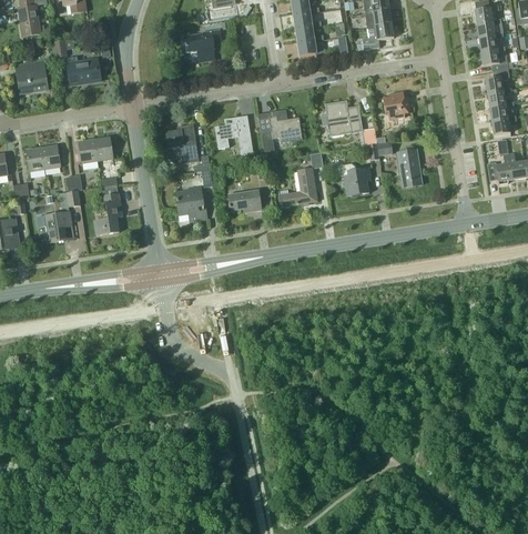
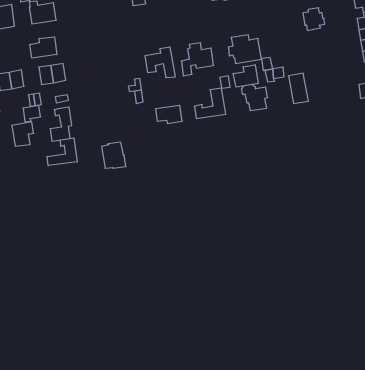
building: [383,90,410,119] -> [303,8,325,30]
building: none -> [30,37,57,58]
building: [165,122,199,162] -> none
building: none -> [233,65,258,87]
building: [175,187,206,220] -> [102,142,126,168]
building: none -> [47,138,77,166]

